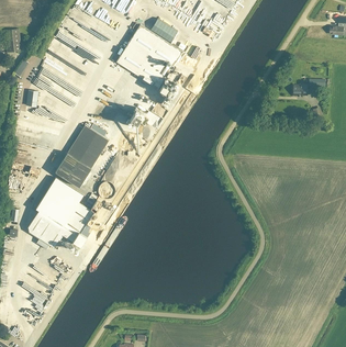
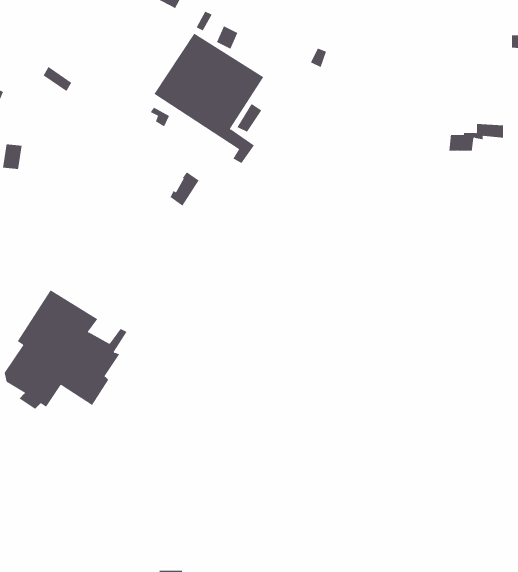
building: [54,123,108,186] -> none

